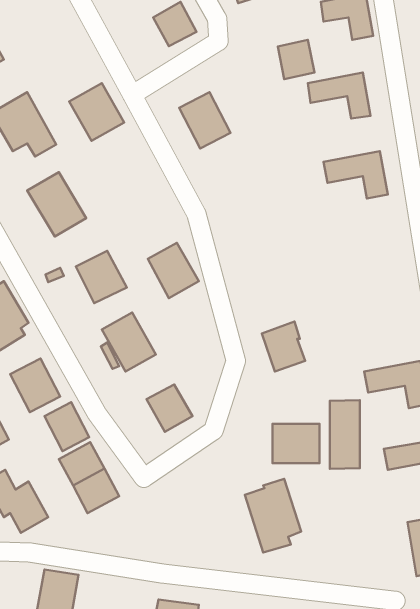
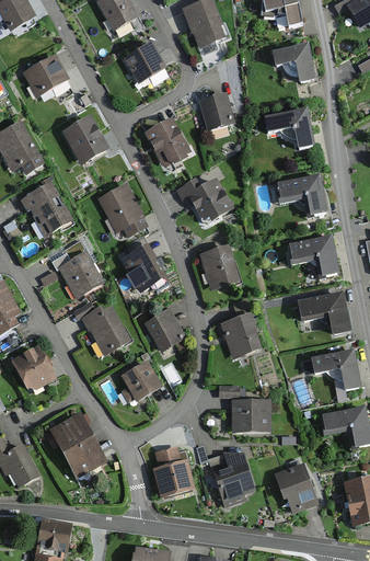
building: none -> [20,53,67,96]
building: [278,40,314,79] -> [204,98,234,130]
building: none -> [180,180,235,221]
building: none -> [102,186,149,237]
building: none -> [282,233,335,272]
building: none -> [203,249,241,288]
building: none -> [294,293,347,332]
building: none -> [146,312,185,354]
building: [330,400,360,469] -> none
building: [44,402,89,451] -> none
building: none -> [149,444,193,497]
building: none -> [280,466,320,511]

